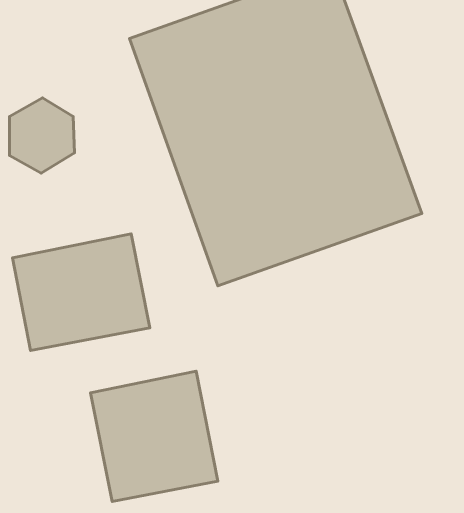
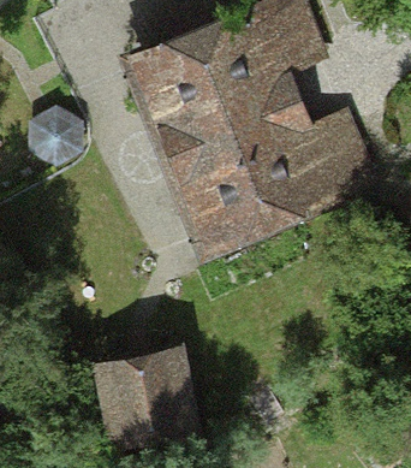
building: [12,234,150,351] -> none

